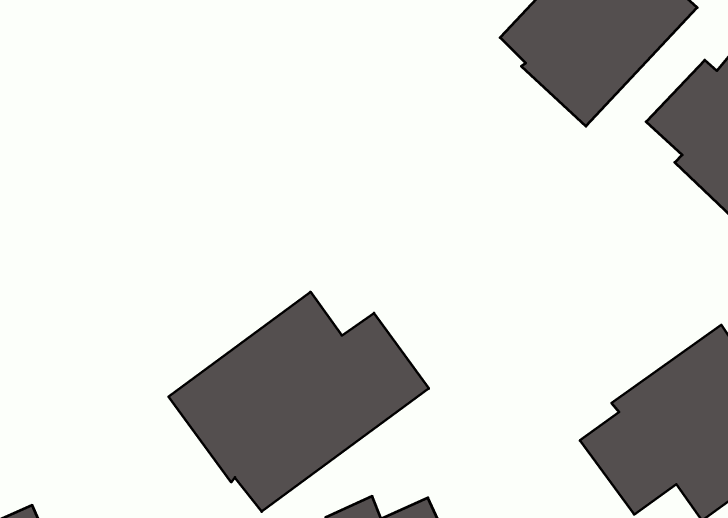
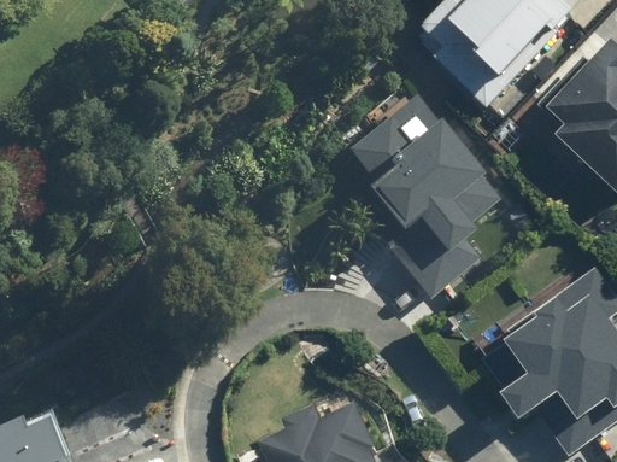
building: none -> [346,94,483,298]
building: [169,292,429,512] -> none

